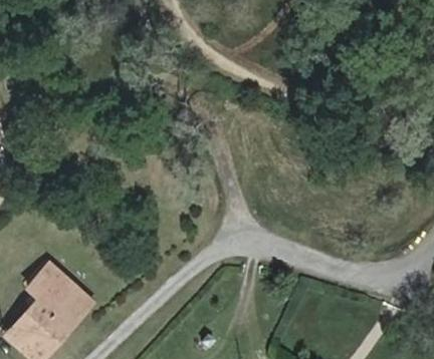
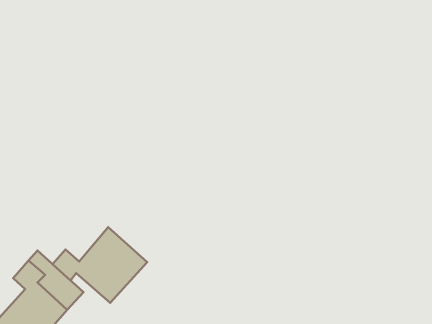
building: none -> [52,227,147,303]

